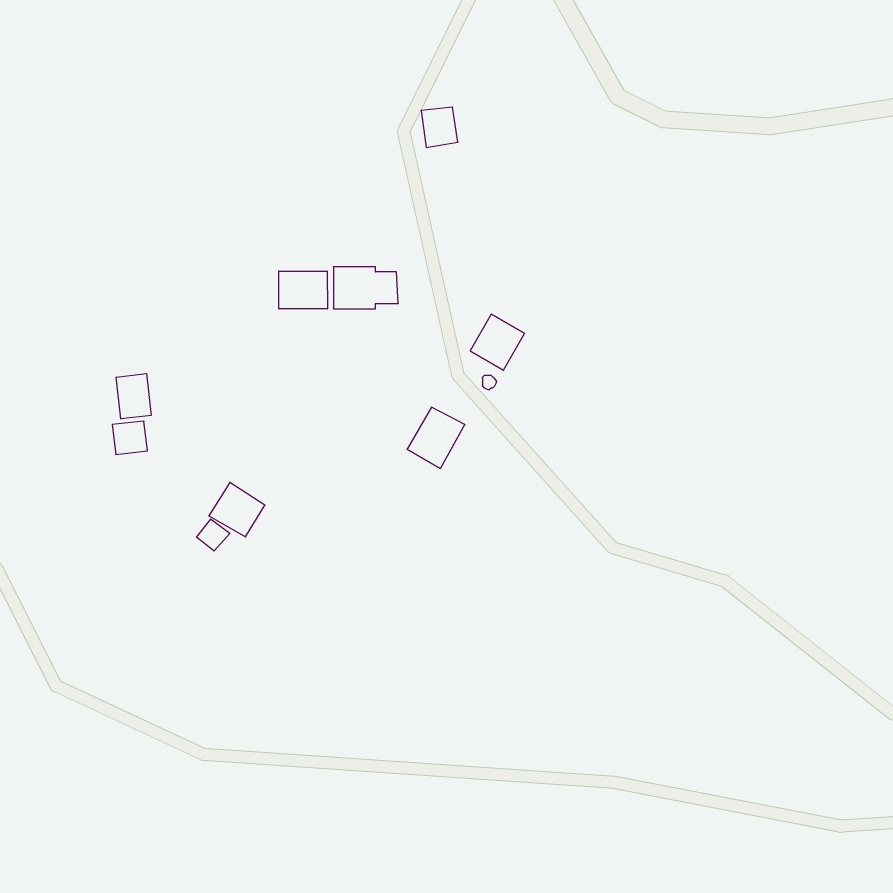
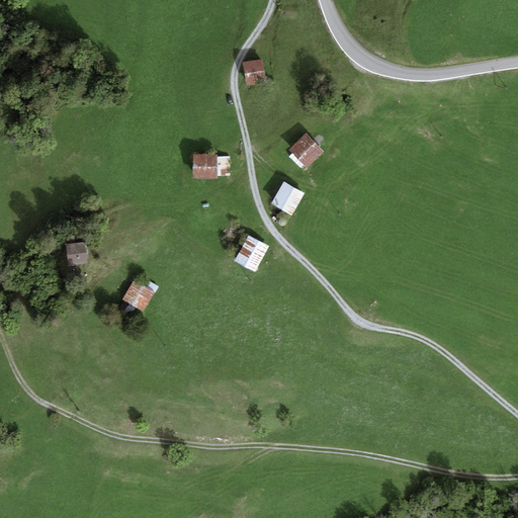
building: none -> [290,135,322,165]
building: [279,271,327,309] -> none
building: [116,374,151,419] -> none

